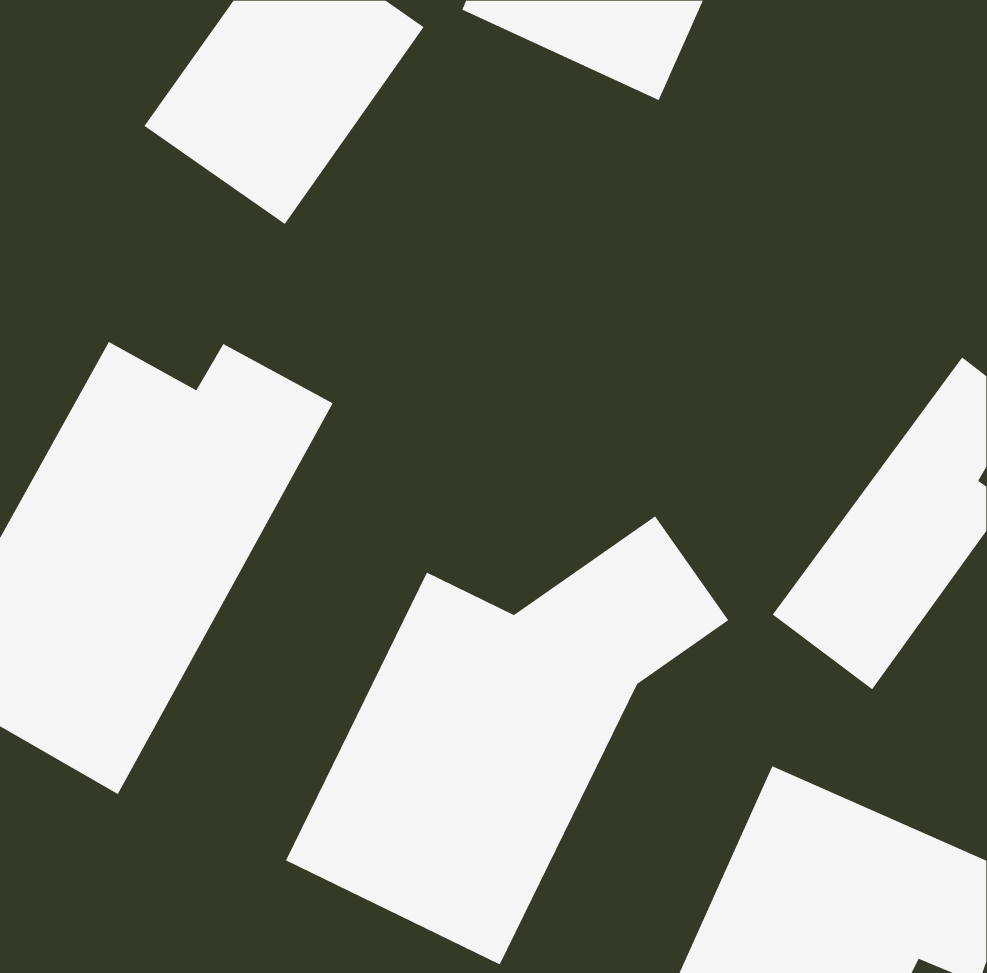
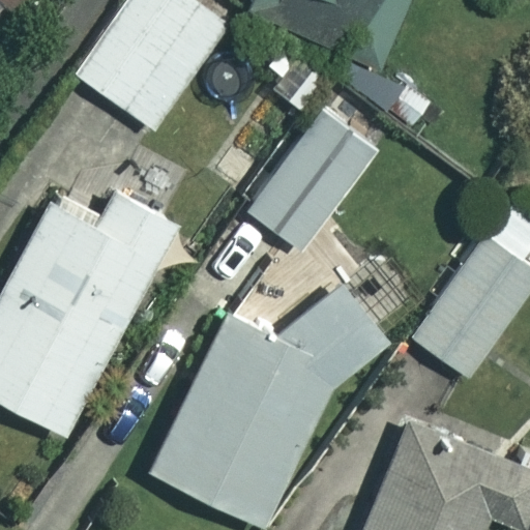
building: none -> [248,107,367,255]

